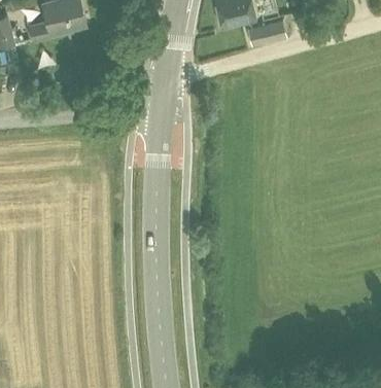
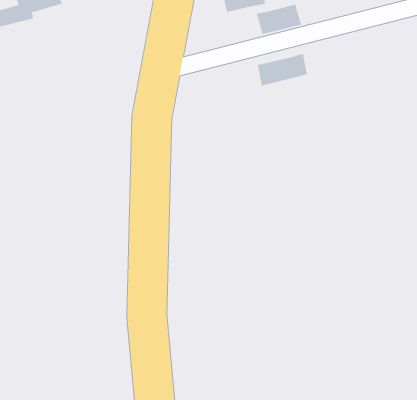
building: none -> [257,53,308,86]

